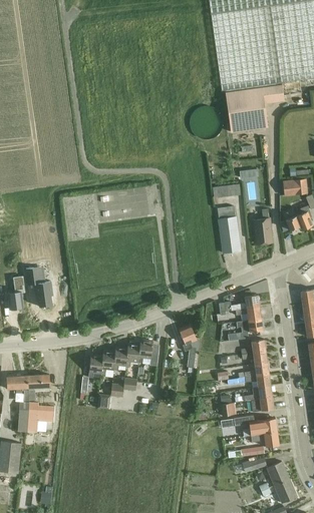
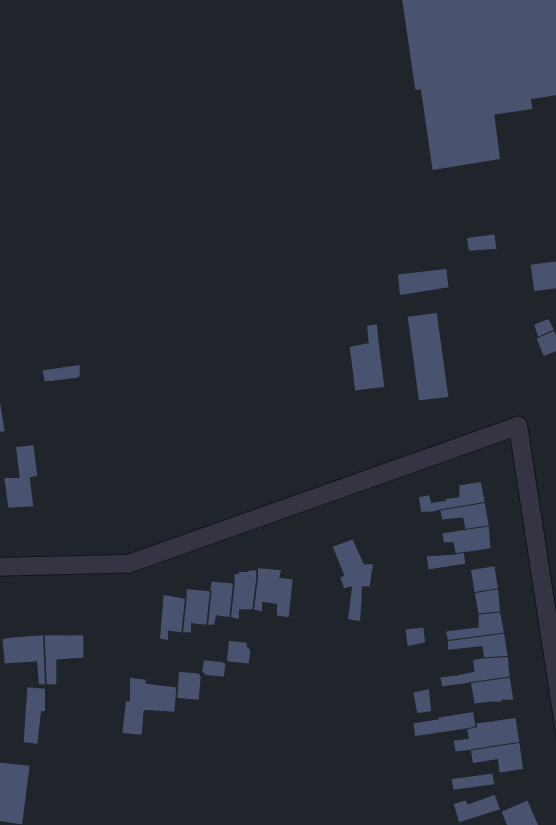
building: [253,208,272,243] -> [349,324,385,391]
building: [26,267,53,307] -> none
building: [25,403,54,433] -> [121,678,177,735]

